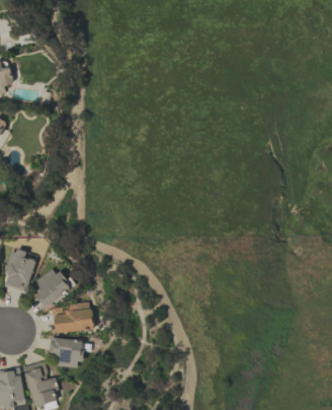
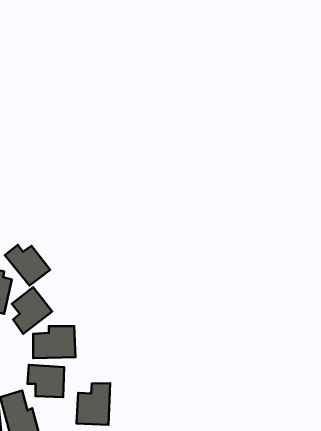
building: none -> [5,245,50,286]
building: none -> [77,383,110,425]

